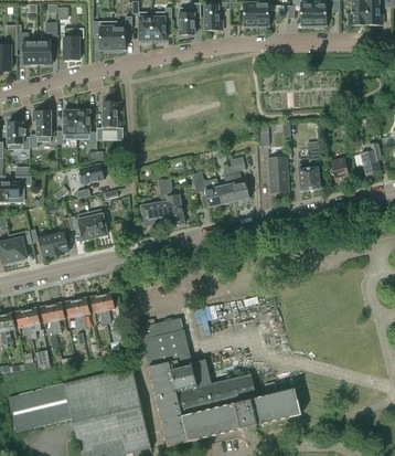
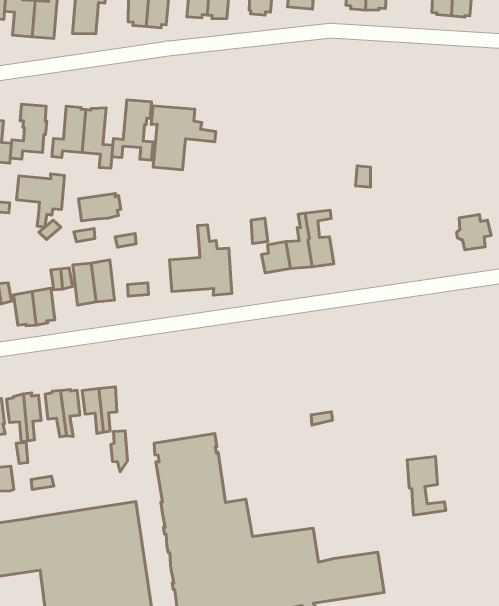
building: none -> [151,106,216,170]
building: [298,142,320,191] -> none
building: none -> [17,174,65,227]
building: [268,158,288,193] -> none
building: none -> [407,456,446,515]

